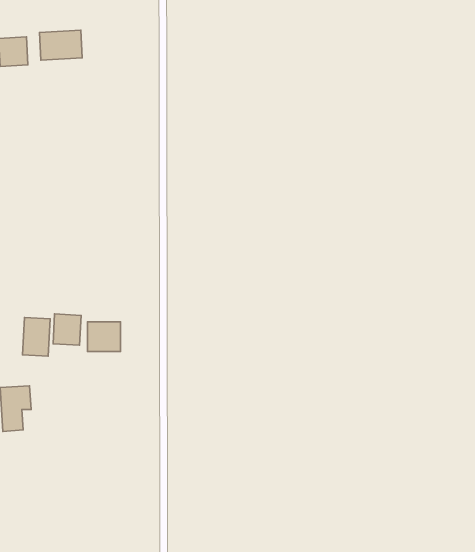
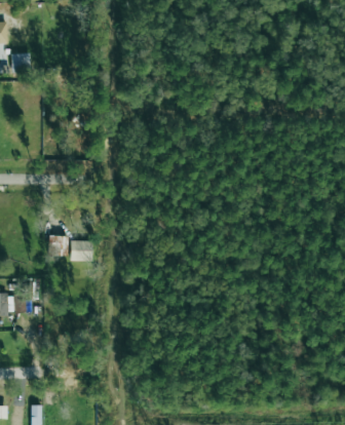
building: [39,30,82,60] -> none
building: [23,317,50,356] -> none

